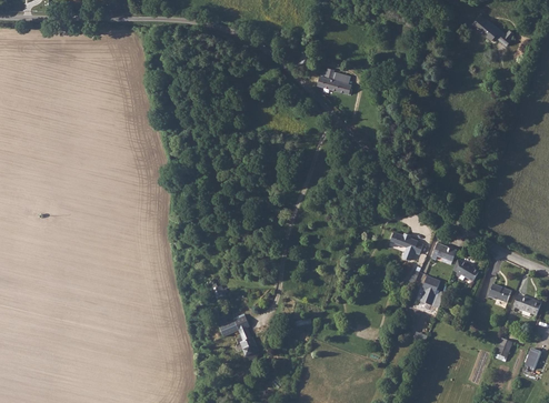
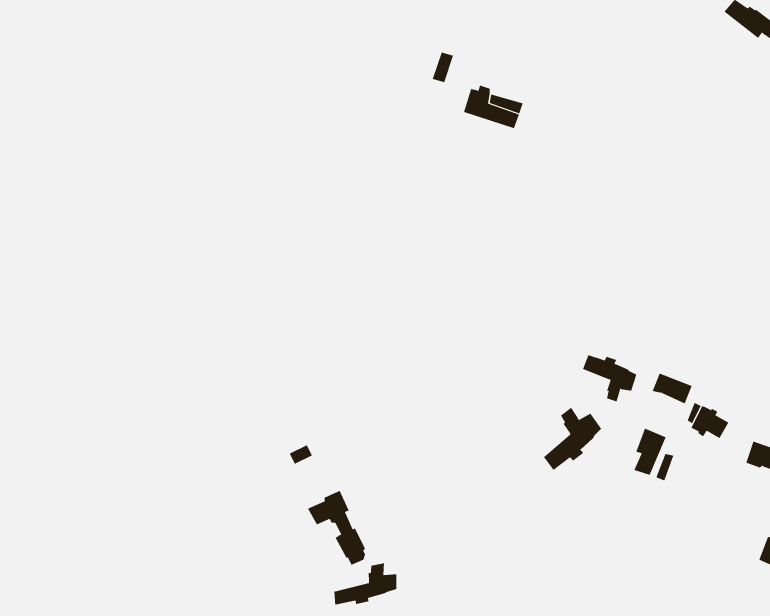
building: none -> [543,407,602,471]
building: none -> [334,562,397,605]

